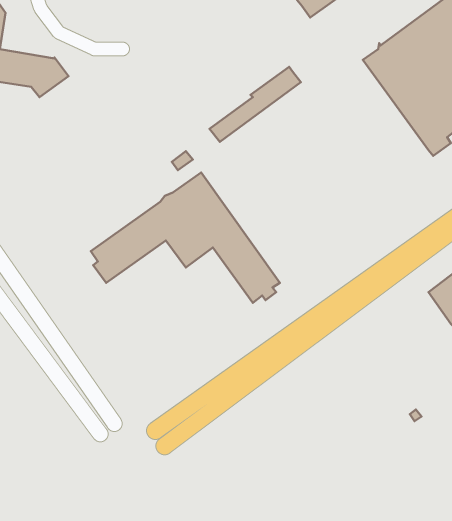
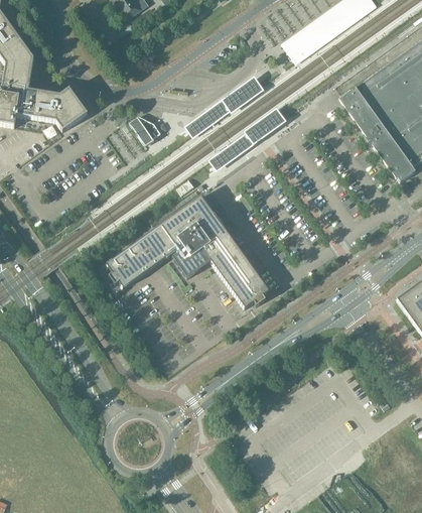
building: none -> [185,76,265,137]
building: none -> [129,117,161,144]

